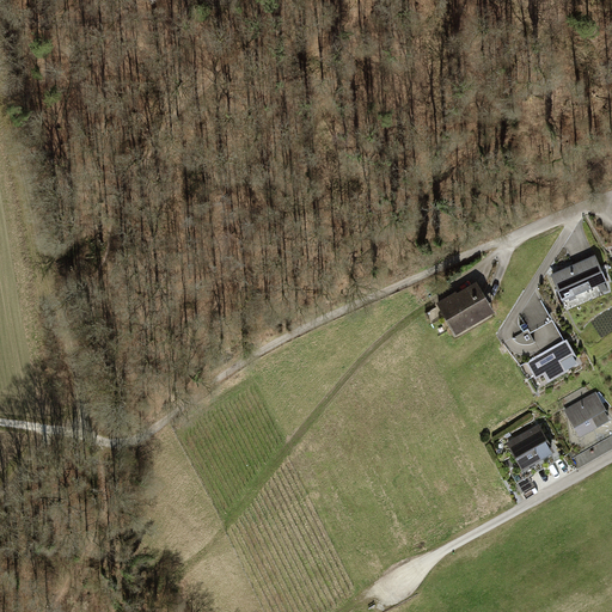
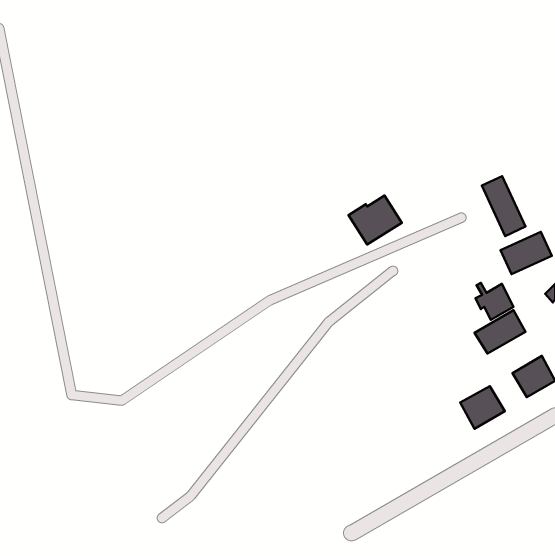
building: none -> [482,176,525,236]
building: [435,281,494,335] -> [349,196,402,245]

